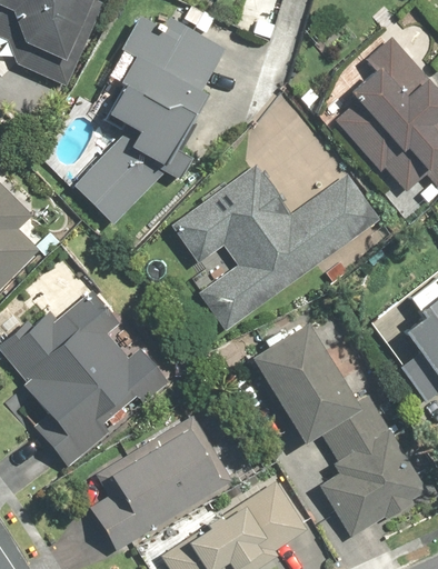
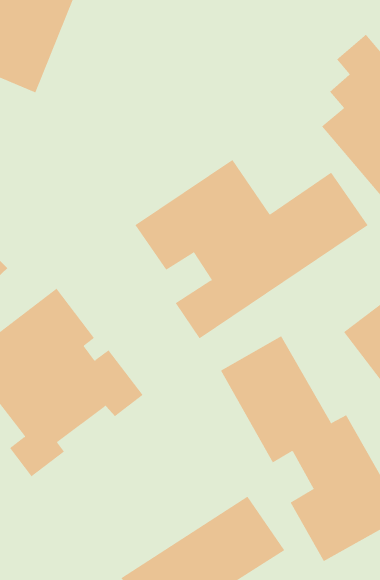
building: [67,14,222,227] -> none
building: [89,403,250,546] -> none

